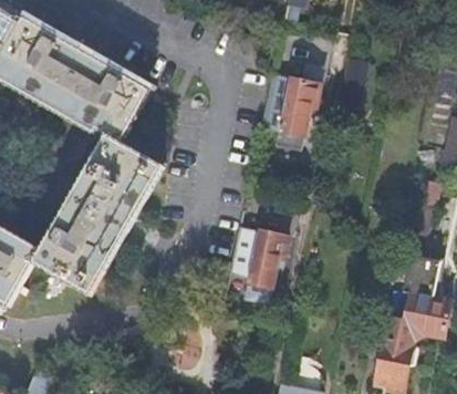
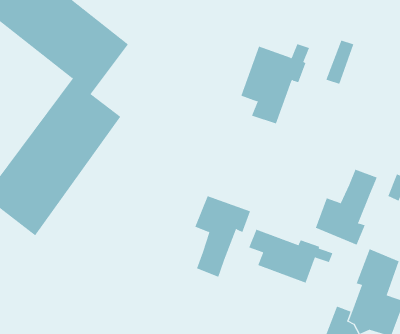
building: none -> [315,169,378,246]
building: none -> [248,229,333,284]

